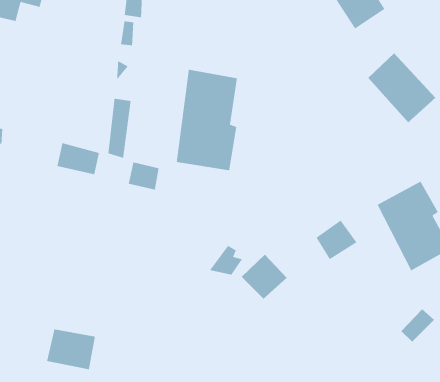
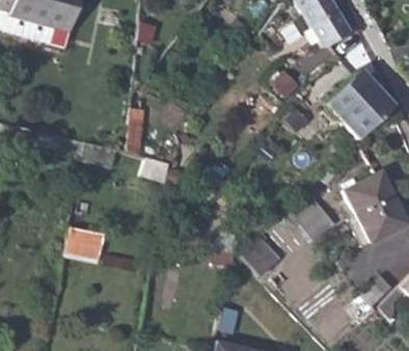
building: [176,69,238,171] -> none
building: [46,328,96,370] -> [66,224,107,259]

